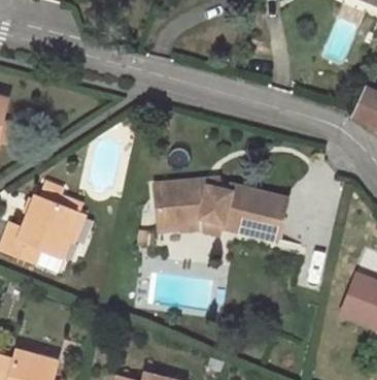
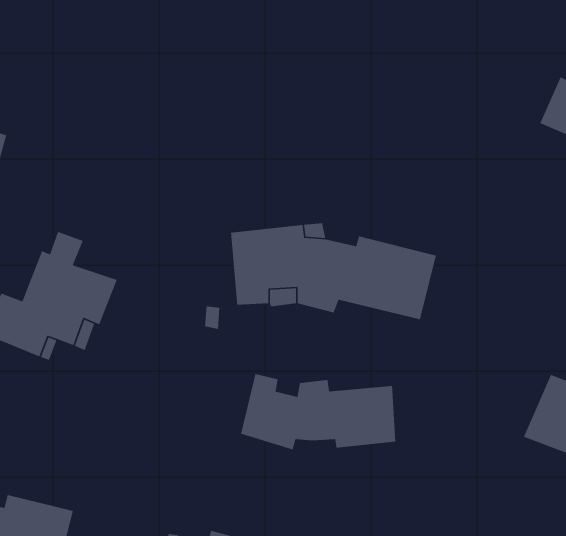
building: none -> [240,373,396,451]

